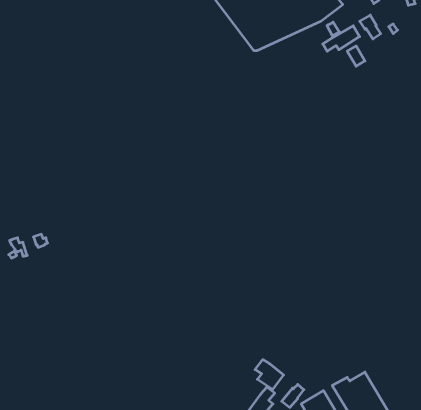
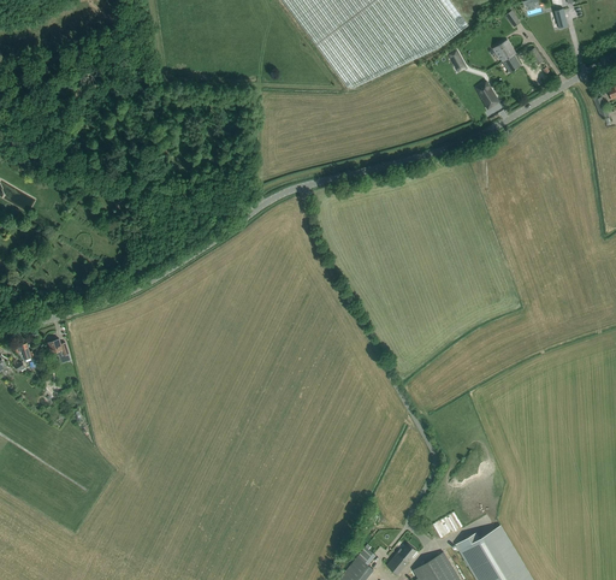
building: [323,26,360,51] -> none
building: [255,360,284,389] -> none

